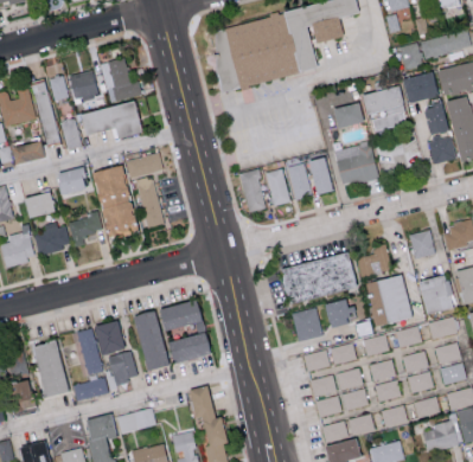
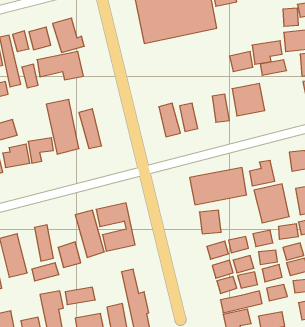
building: [127,152,164,179] -> none
building: [288,162,313,199] -> none
building: [55,166,85,193] -> none
building: [325,299,357,326] -> none
building: [92,319,123,353] -> none

